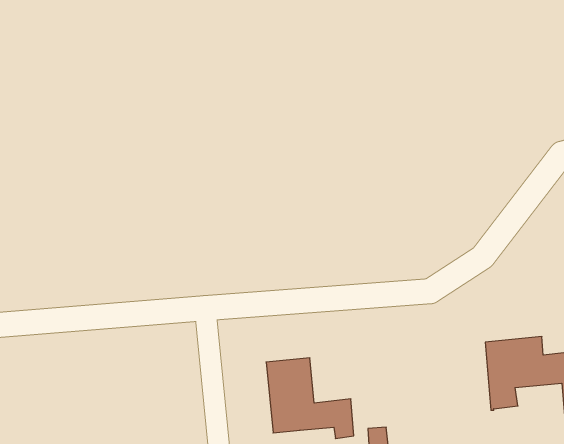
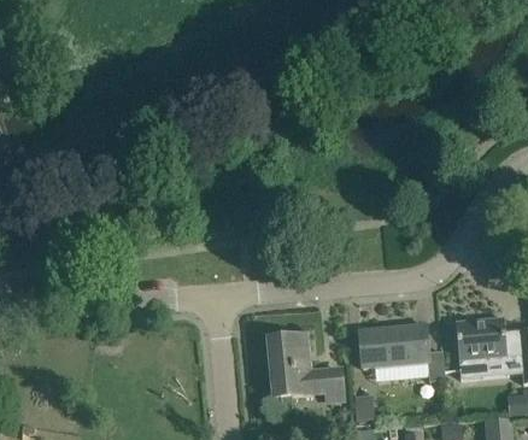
building: none -> [358,323,445,382]

